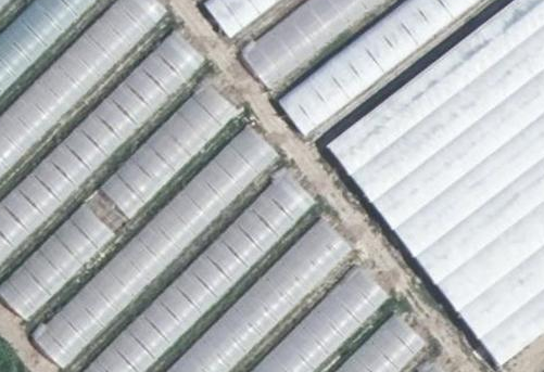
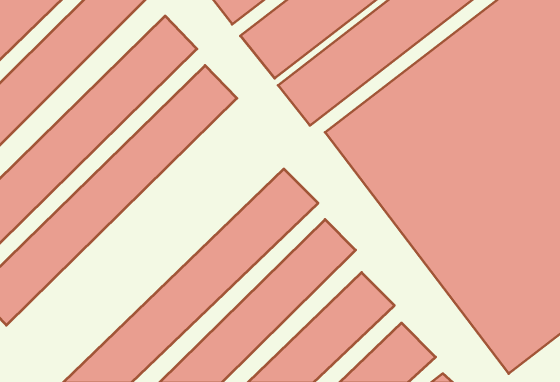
building: [36,128,278,364] -> none

